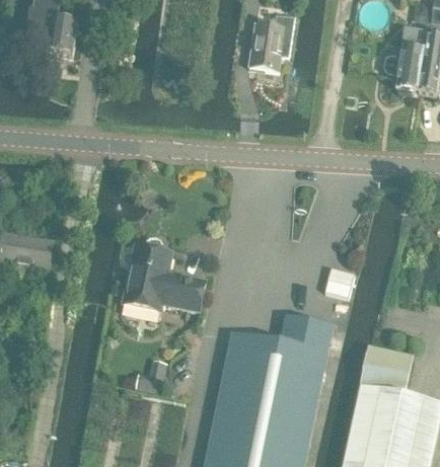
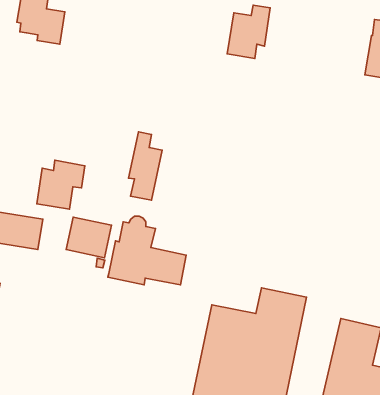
building: none -> [128,132,162,200]
building: none -> [37,160,85,209]
building: none -> [66,217,111,258]

